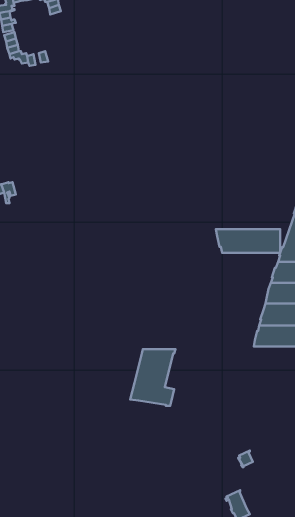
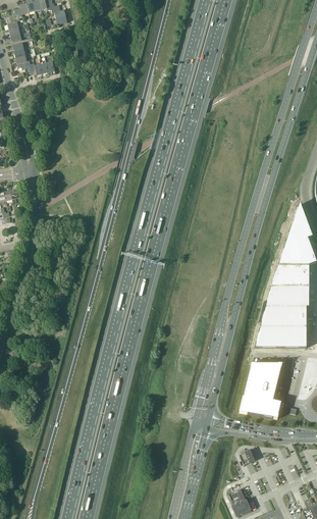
building: [216,229,280,253] -> none
building: [130,349,175,406] -> [239,362,282,417]

